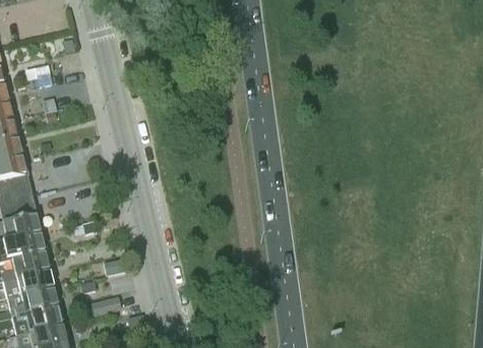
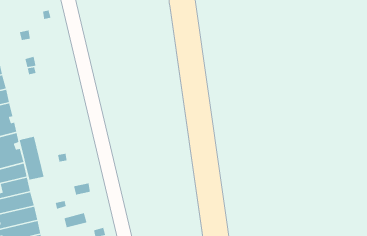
building: none -> [19,136,44,180]

